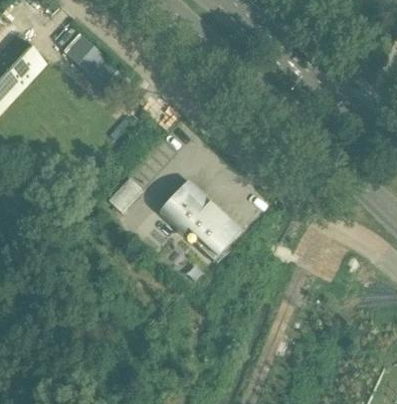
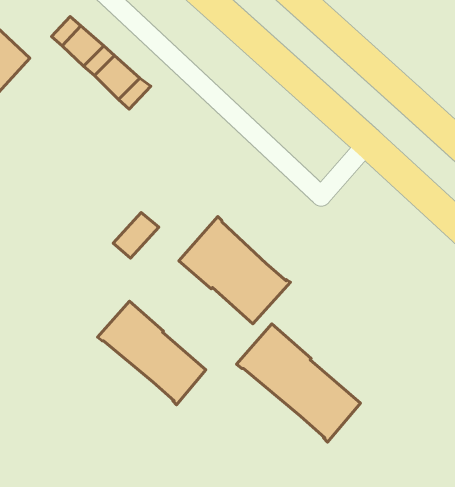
building: none -> [98,301,206,405]
building: none -> [236,324,360,442]

